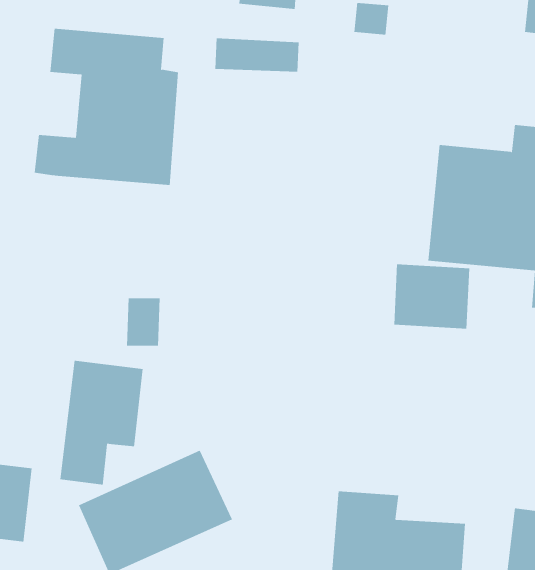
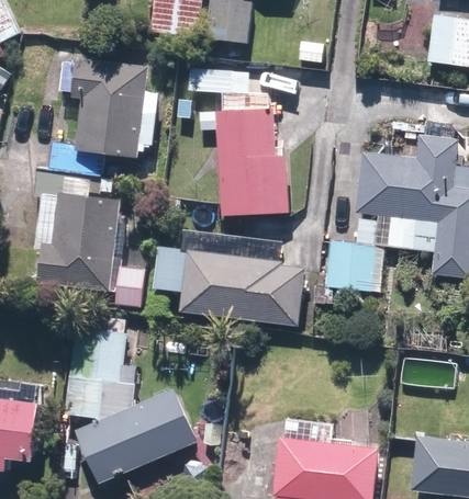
building: none -> [197,107,288,216]
building: none -> [31,173,127,288]
building: none -> [180,254,303,324]

